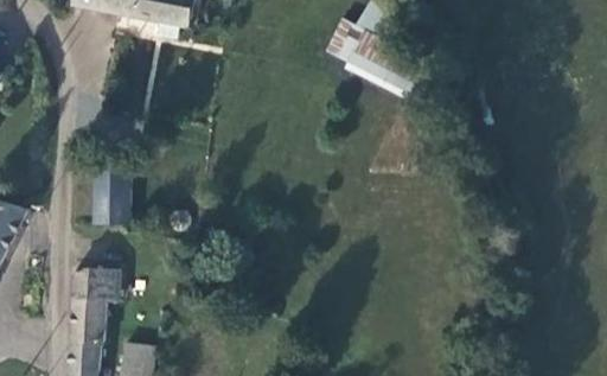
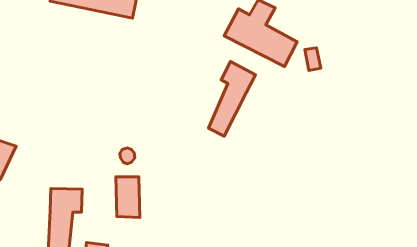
building: none -> [209,62,255,136]
building: [96,167,129,224] -> [116,177,140,217]

